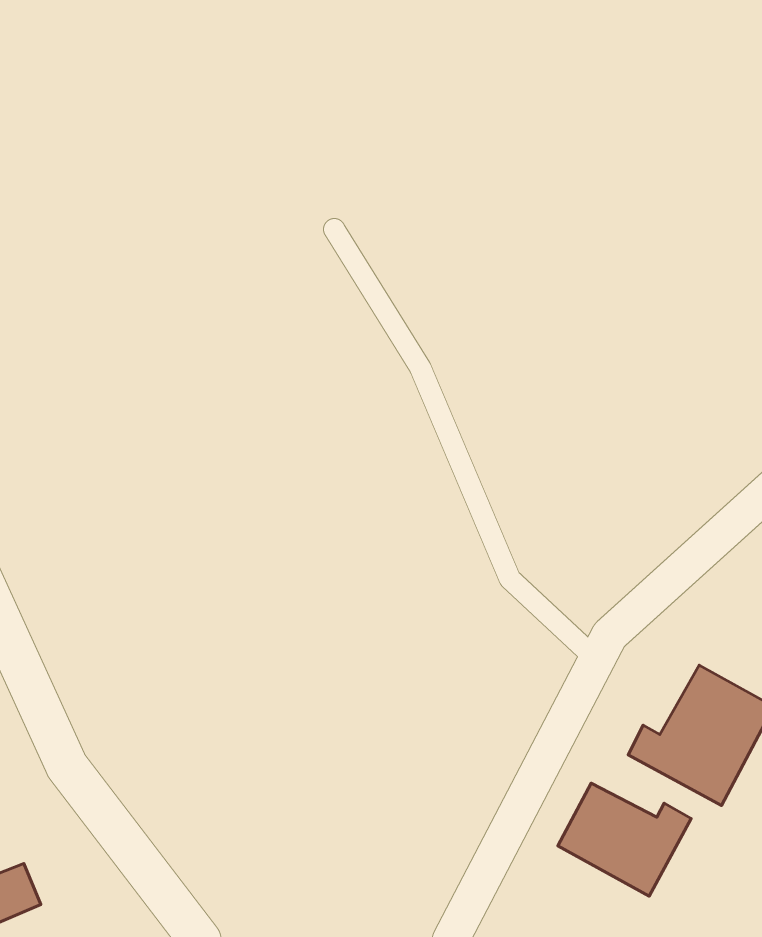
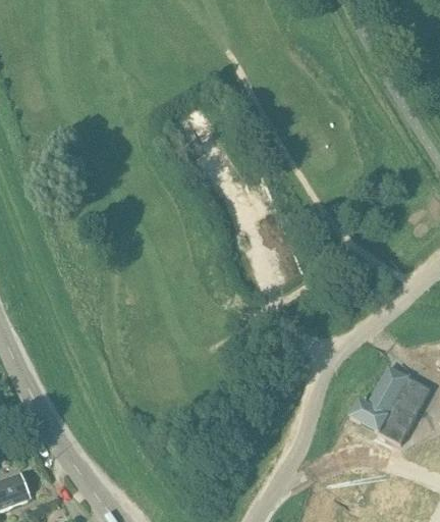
building: [558,783,691,896] -> none

